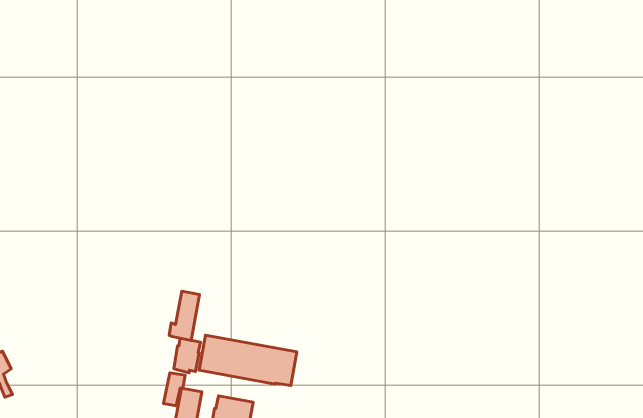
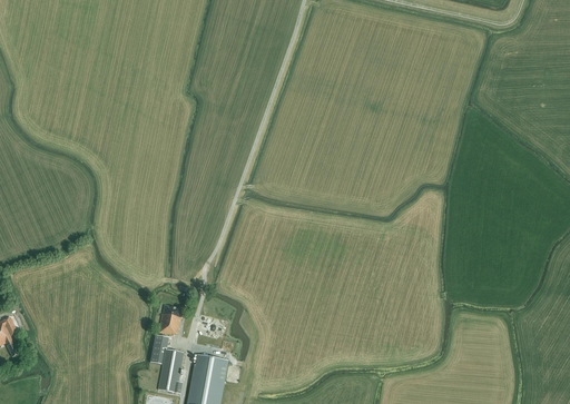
building: [169,291,200,340] -> none
building: [199,335,297,386] -> none

